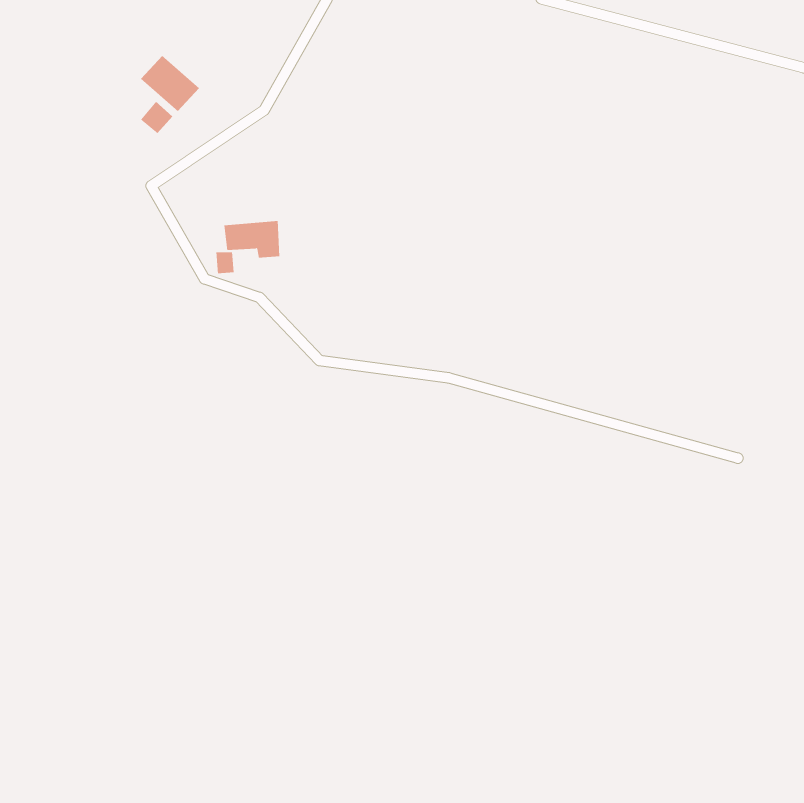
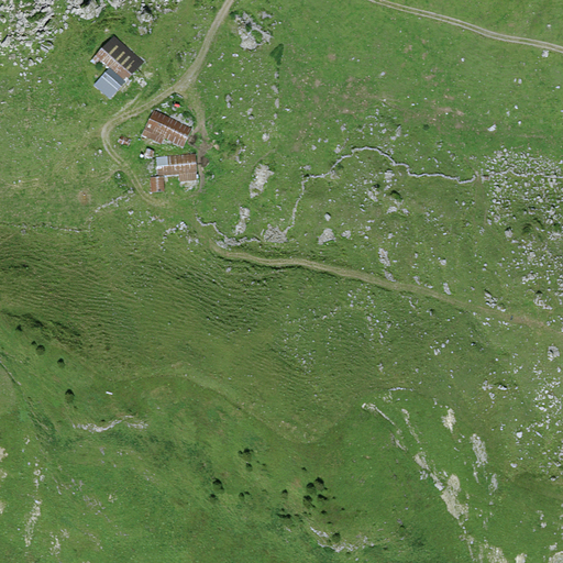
building: none -> [143,111,191,146]

